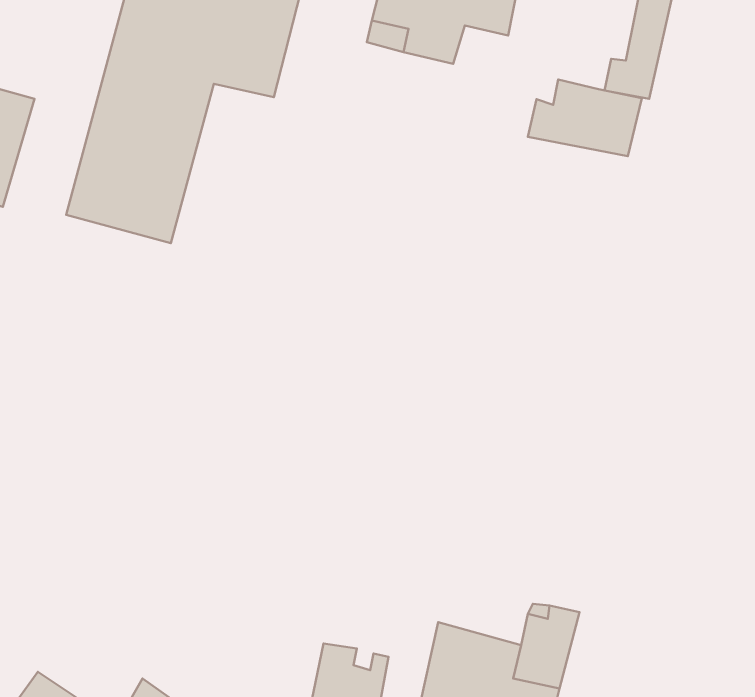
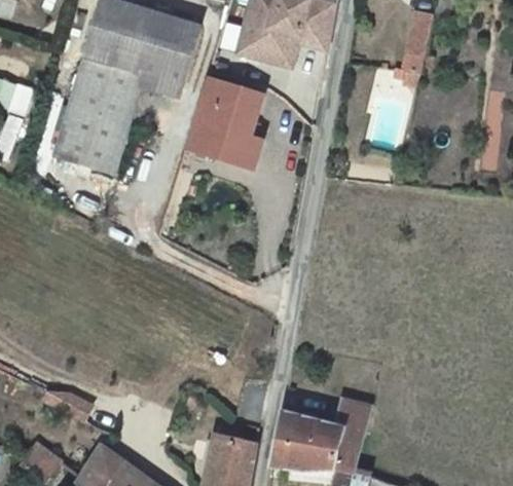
building: none -> [192,76,264,160]
building: [528,79,642,156] -> none

